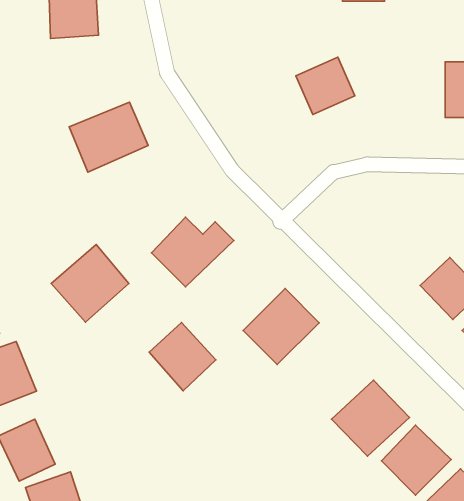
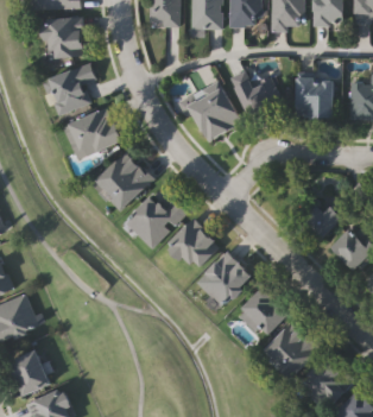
building: none -> [44,62,97,116]
building: none -> [297,78,335,118]
building: none -> [189,87,242,141]
building: none -> [302,198,350,241]
building: [51,245,129,322] -> [95,151,154,210]
building: [149,323,216,391] -> [170,219,221,271]
building: none -> [242,286,291,334]

